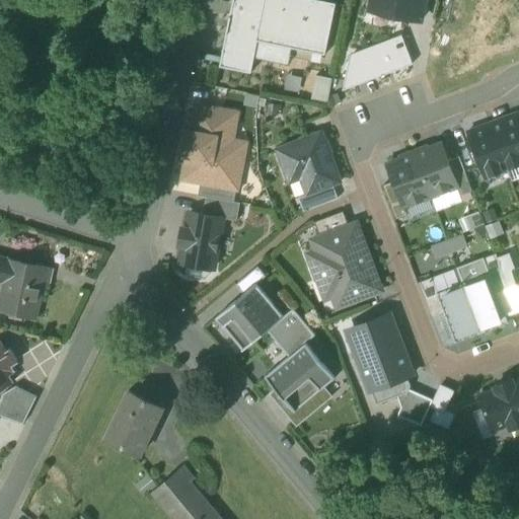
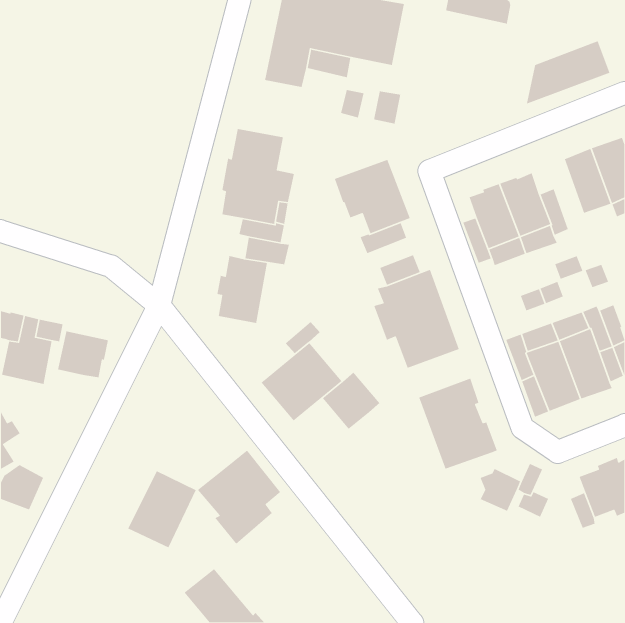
building: [343,36,413,90] -> [526,40,610,105]
building: none -> [57,330,109,378]
building: [265,343,335,422] -> [197,450,281,545]
building: [370,376,411,404] -> none

